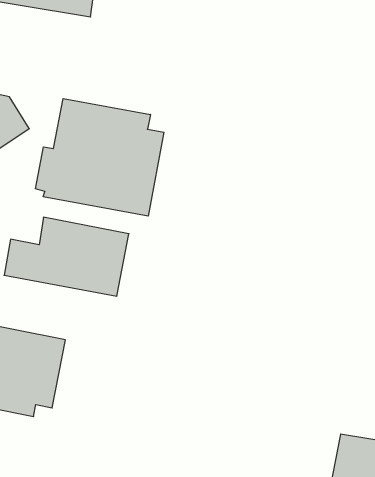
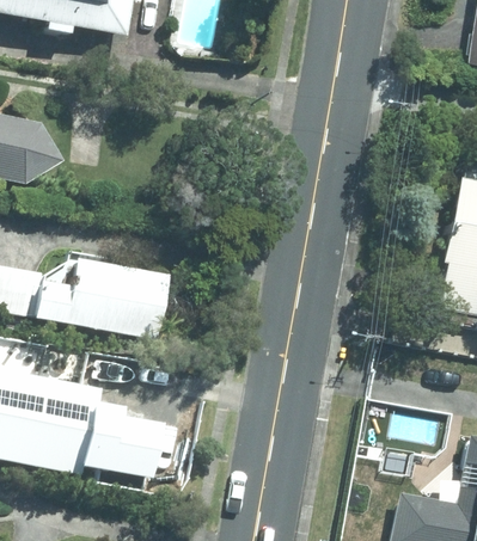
building: [35,99,164,216] -> none
building: none -> [92,434,152,491]

